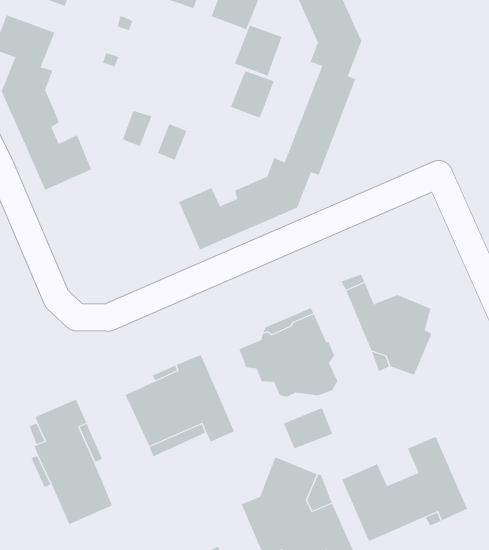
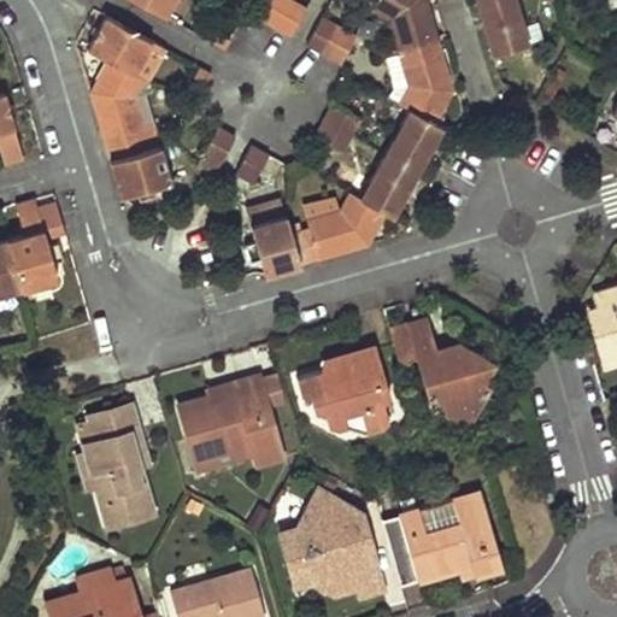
building: [234,25,282,77] -> none
building: [283,407,333,449] -> none

